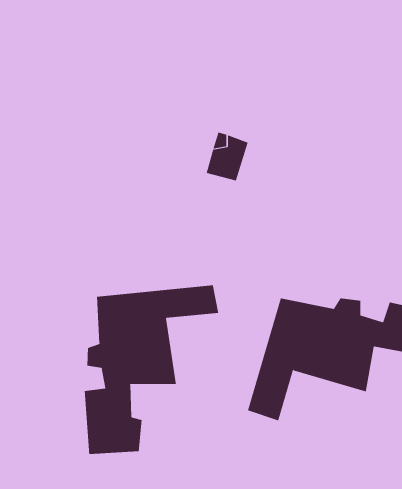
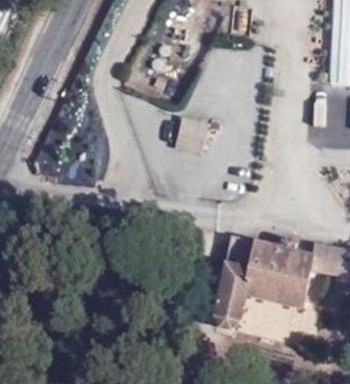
building: [84,285,219,455] -> none

